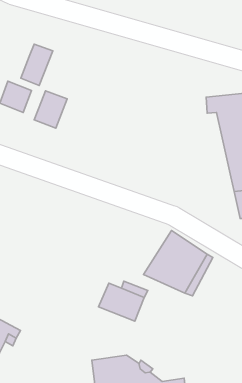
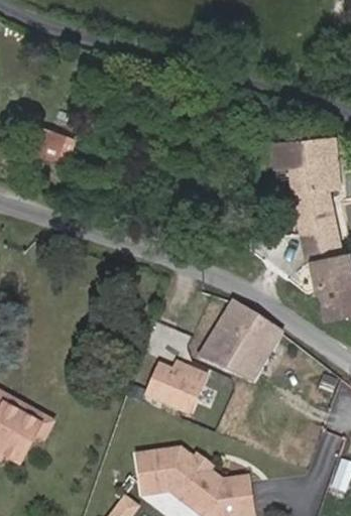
building: [21,44,53,85] -> none
building: [34,91,67,128] -> none

